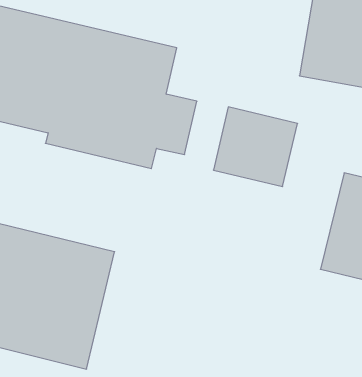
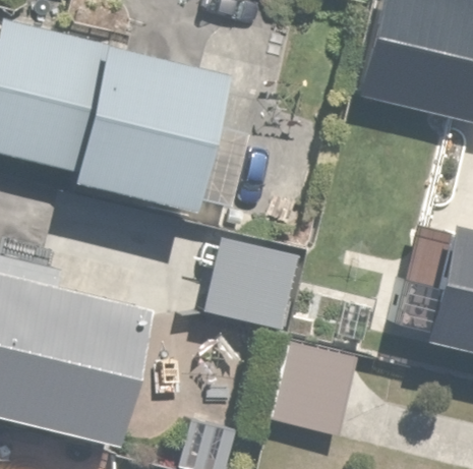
building: [213,107,298,187] -> [202,235,300,328]
building: none -> [265,339,357,435]

